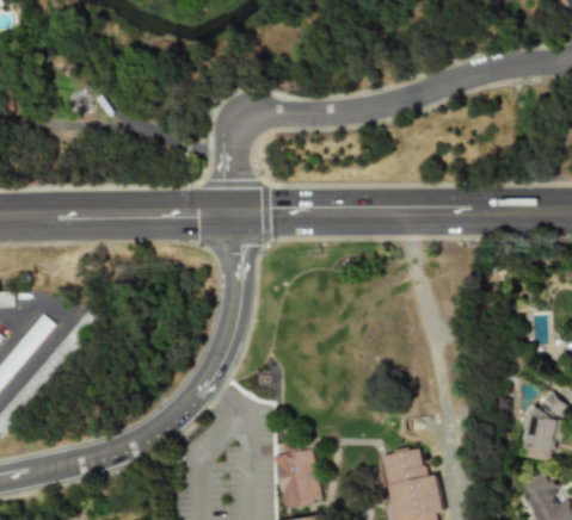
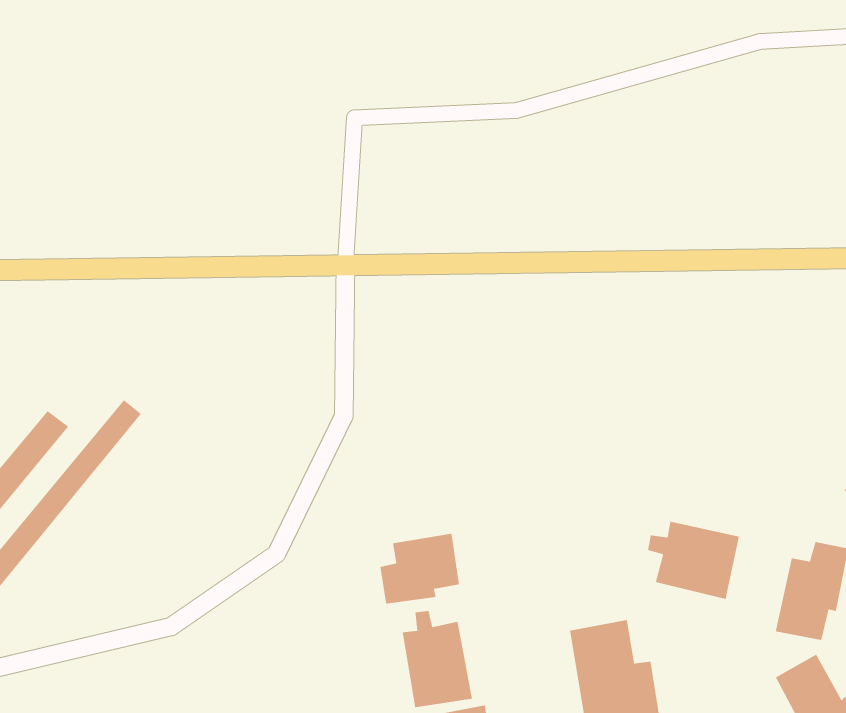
building: none -> [647,521,740,600]
building: none -> [379,533,460,605]

